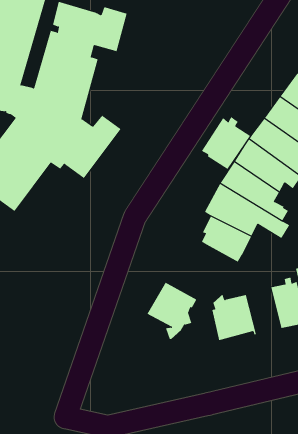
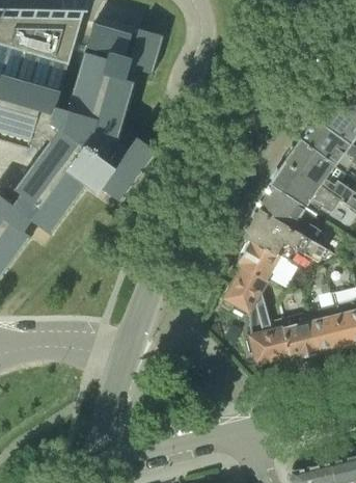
building: [201,116,251,170] -> none
building: [147,282,197,340] -> [223,269,274,327]
building: none -> [282,312,317,359]

